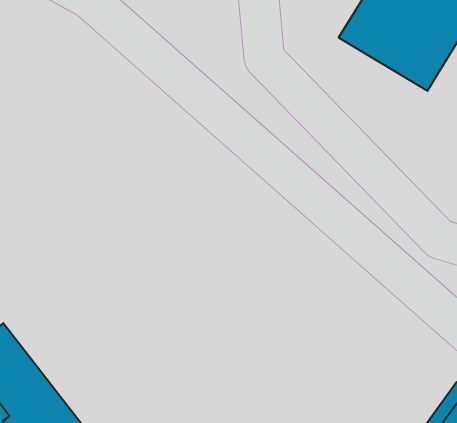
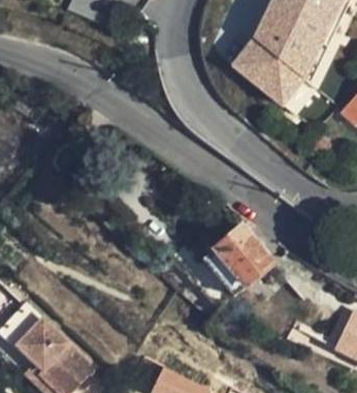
building: none -> [205,226,273,295]

